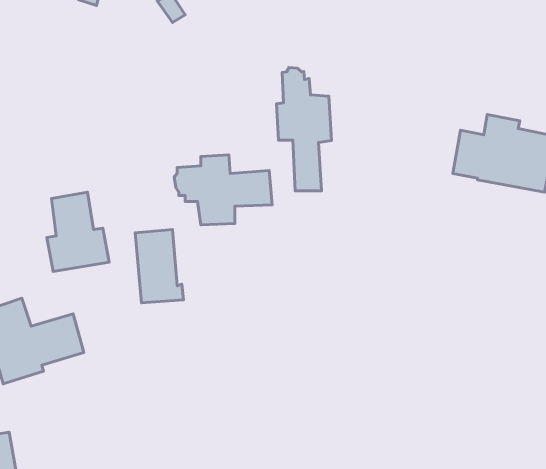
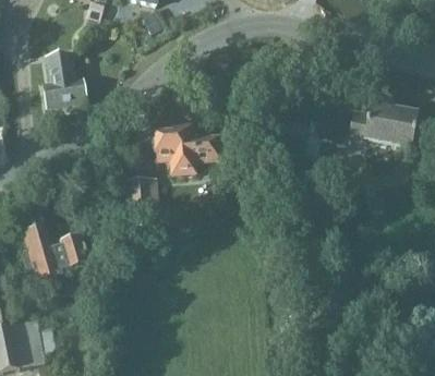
building: [276,67,332,191] -> none
building: [47,192,109,272] -> [45,52,88,108]

